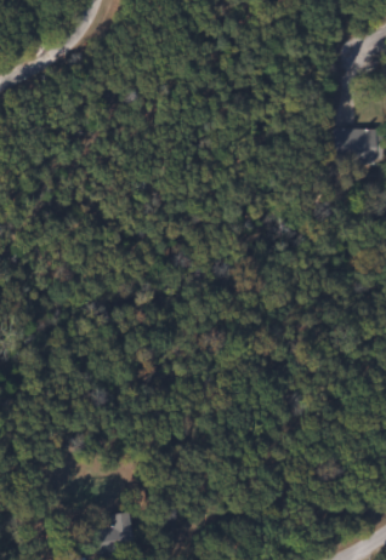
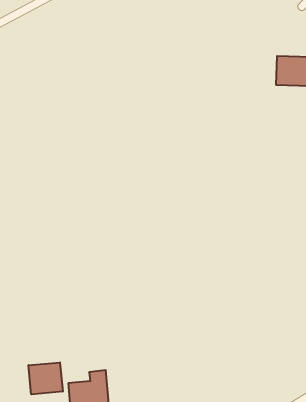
building: none -> [29,362,63,394]

